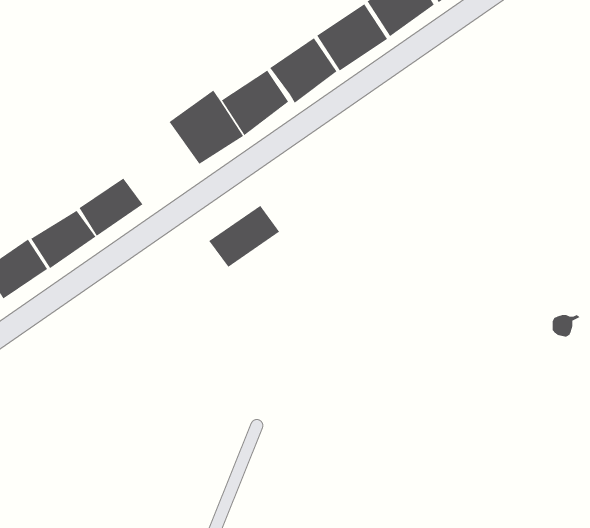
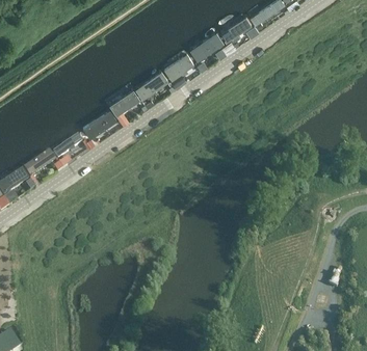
building: [208,205,280,268] -> [79,104,121,140]

